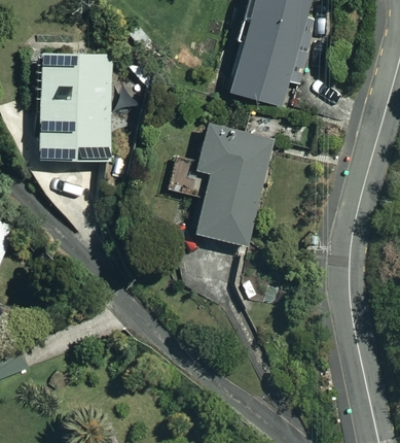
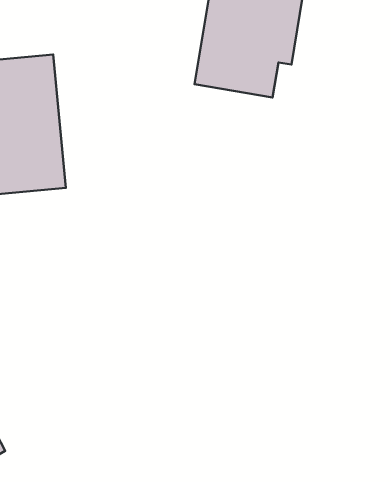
building: [189,125,272,246] -> none

